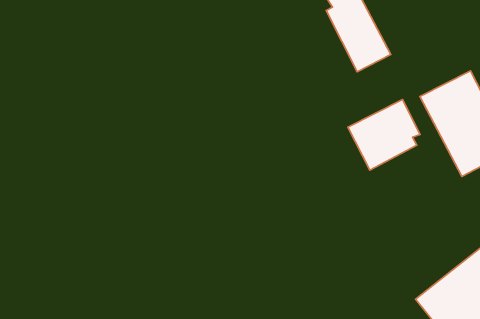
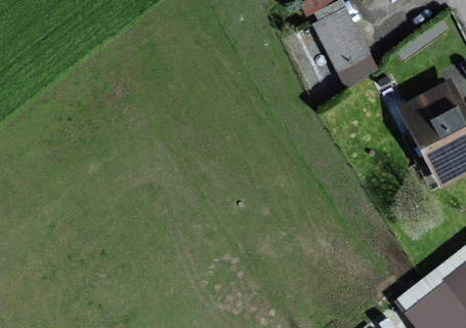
building: [348,100,420,170] -> none

